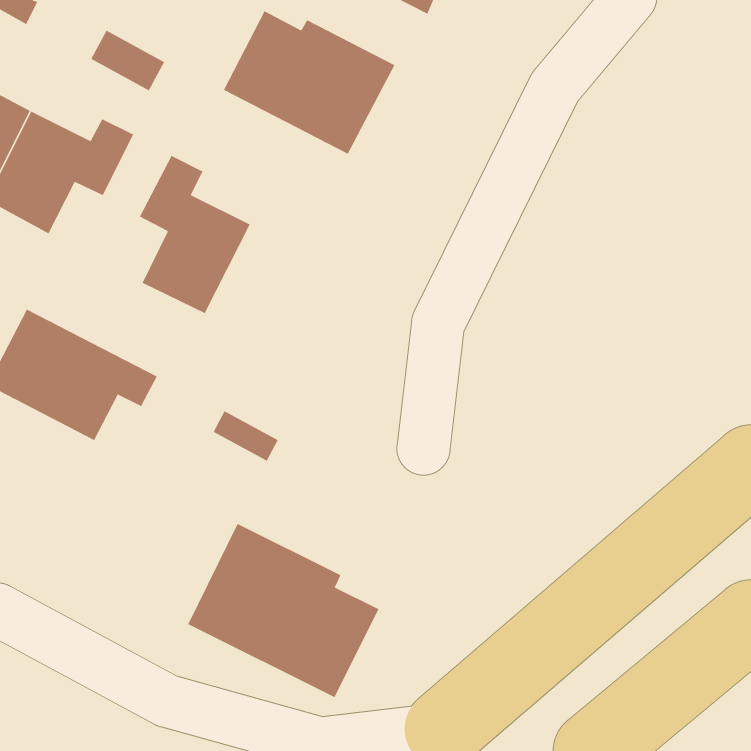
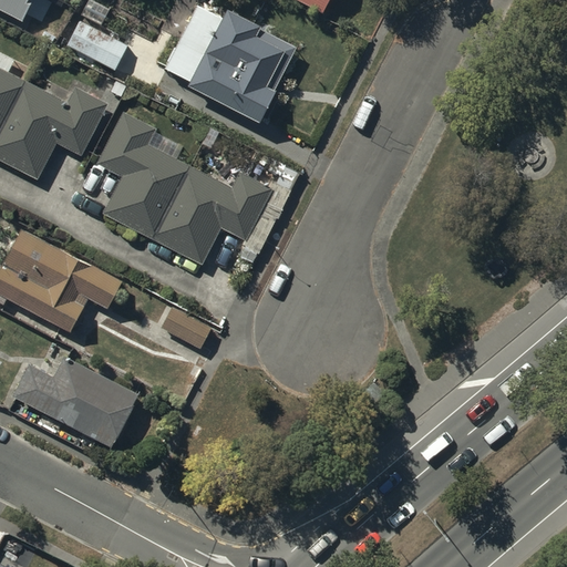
building: none -> [154,168,267,260]
building: none -> [13,363,135,446]
building: [187,523,380,698] -> none

